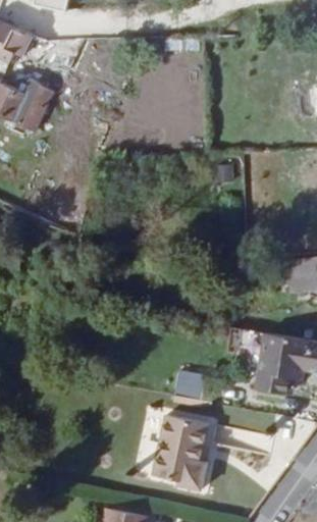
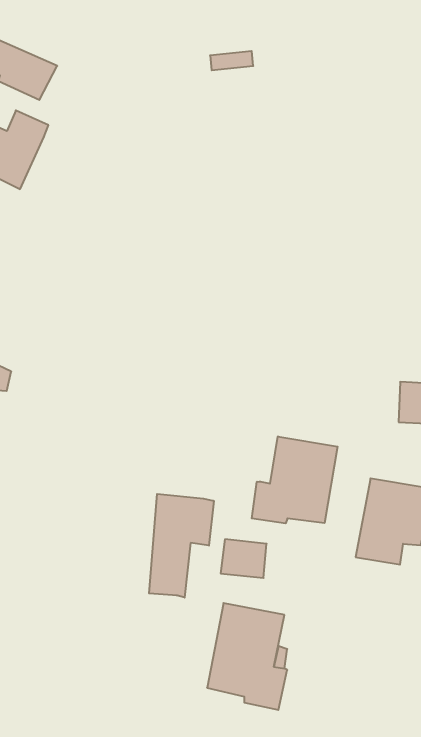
building: none -> [252,436,338,523]
building: none -> [149,494,214,598]

